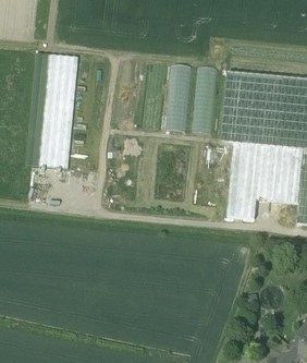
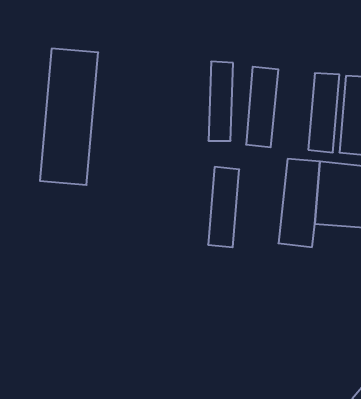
building: [234,71,260,138] -> [208,167,239,247]

